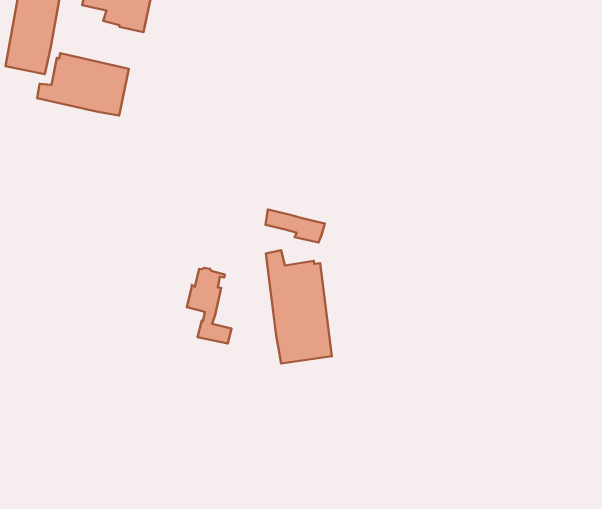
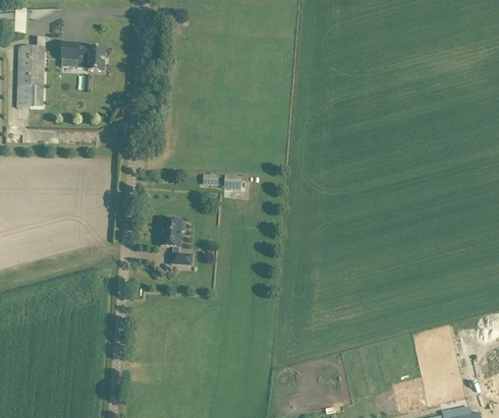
building: [37,53,129,115] -> none
building: [266,250,332,364] -> none

